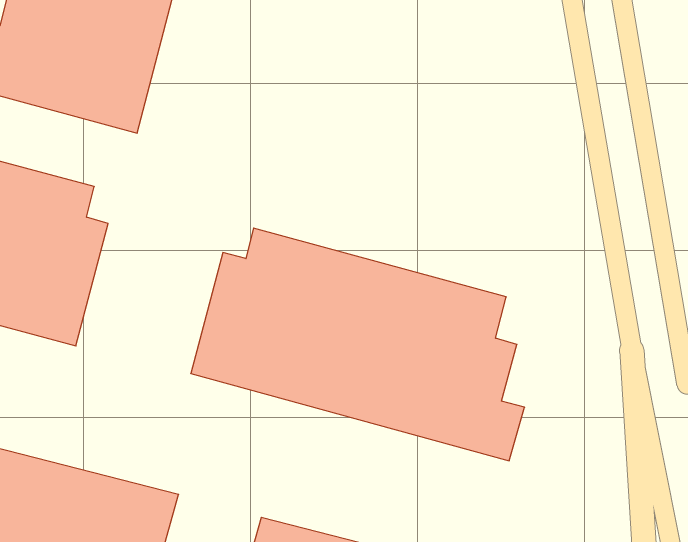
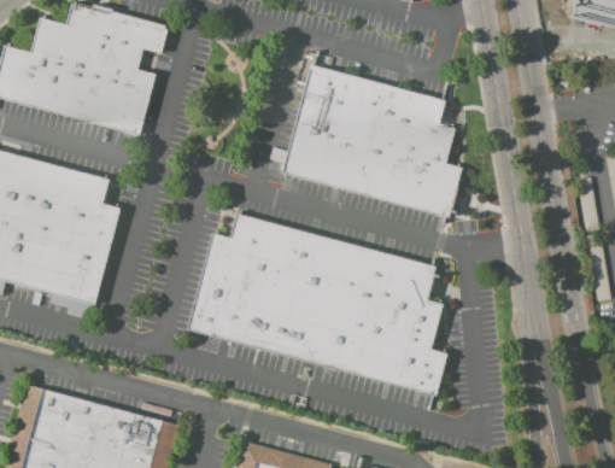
building: none -> [281,64,461,216]

